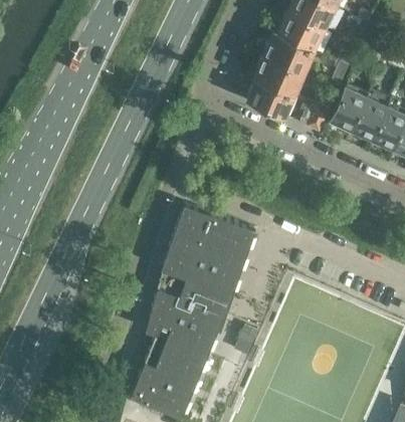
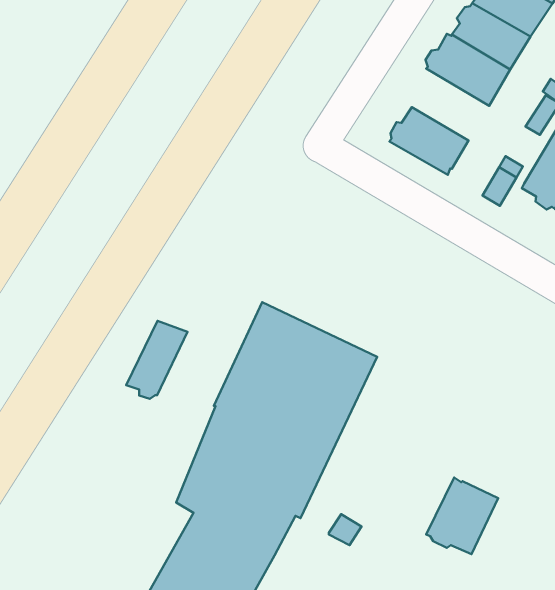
building: [255,54,306,94] -> none
building: none -> [126,321,187,399]
building: none -> [426,478,498,554]

